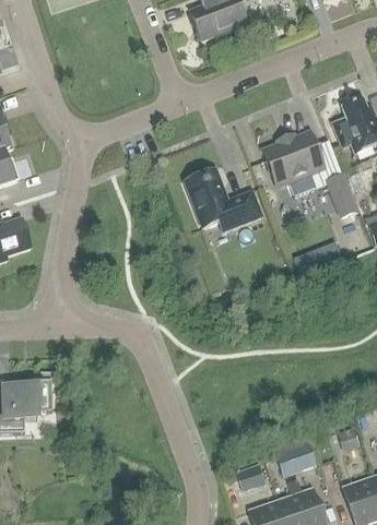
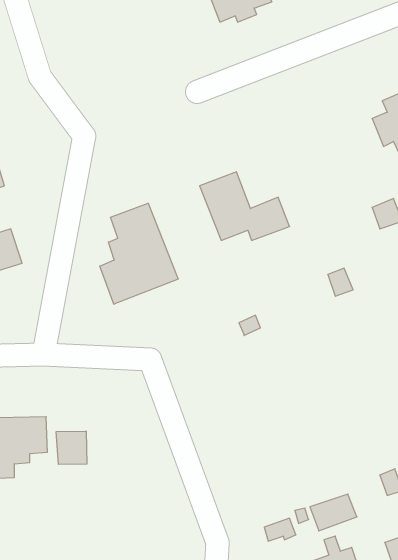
building: [263,132,341,195] -> none
building: none -> [100,203,178,304]
building: none -> [56,431,87,464]

